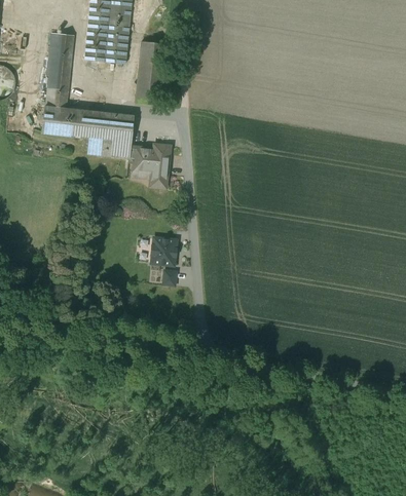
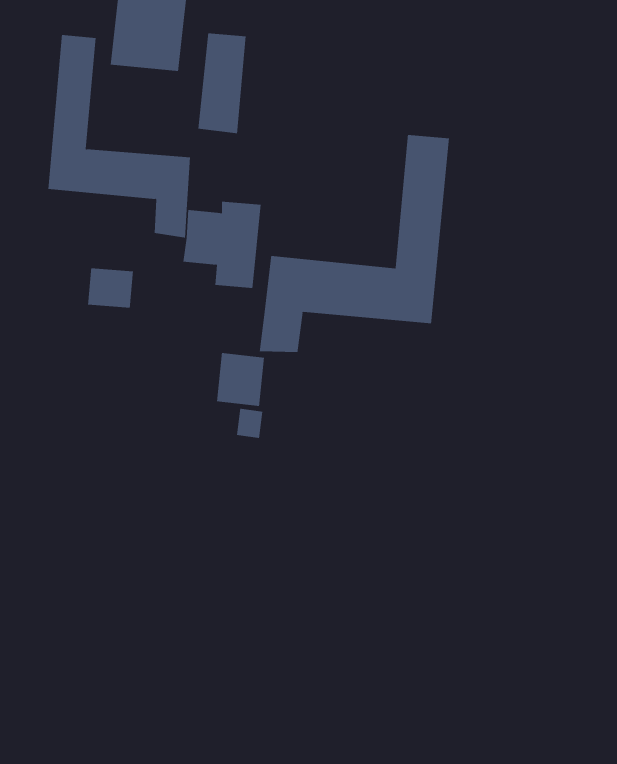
building: none -> [259,134,450,353]
building: none -> [87,268,133,308]

